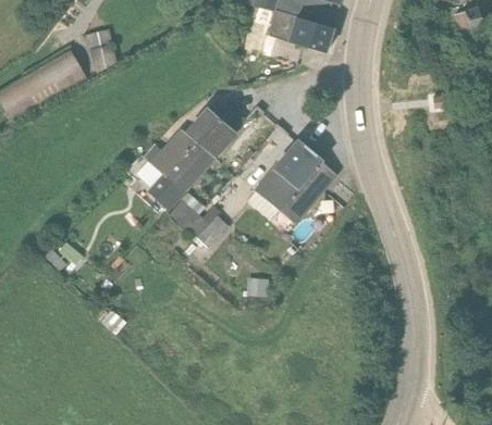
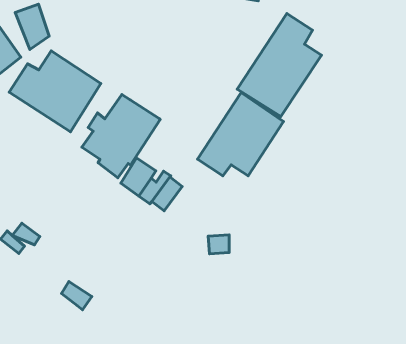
building: none -> [237,14,322,117]
building: none -> [9,51,101,132]
building: [188,104,247,155] -> none

